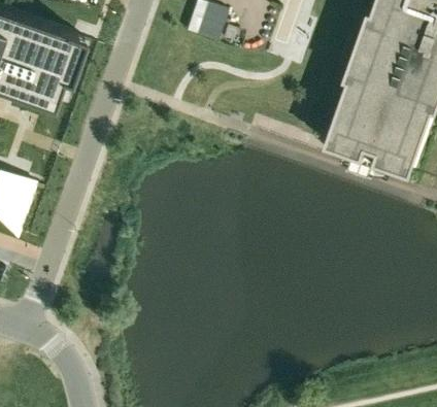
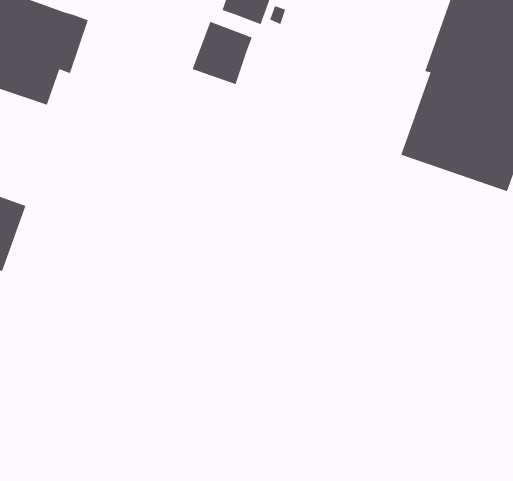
building: none -> [191,21,253,85]

